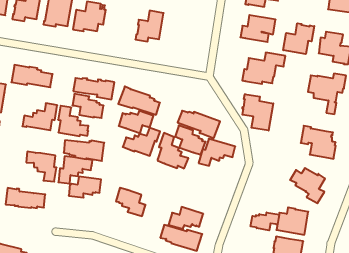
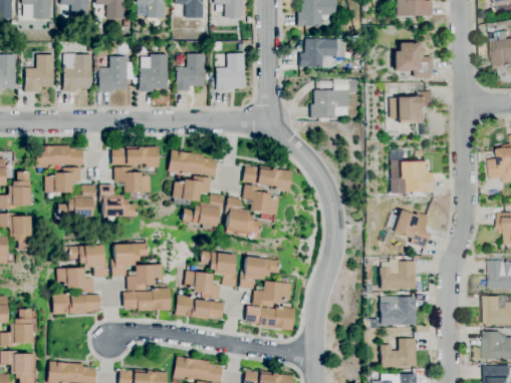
building: none -> [138,54,171,92]
building: none -> [216,53,244,92]
building: [283,23,314,54] -> none
building: none -> [45,167,81,193]
building: [242,94,273,131] -> none
building: [199,139,235,166] -> [240,257,280,289]
building: [64,140,104,161] -> [122,288,171,311]
building: none -> [57,268,94,293]
building: none -> [201,251,237,287]
building: none -> [175,294,224,320]
building: [251,212,279,230] -> none

